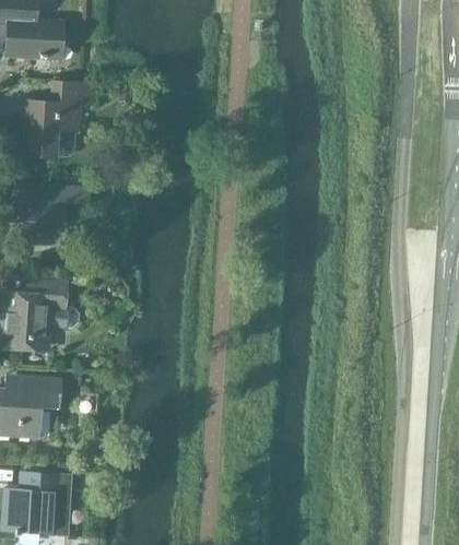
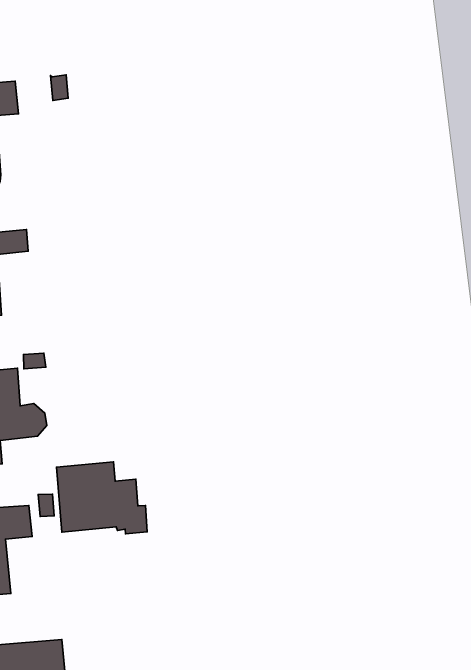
building: none -> [57,462,147,534]

